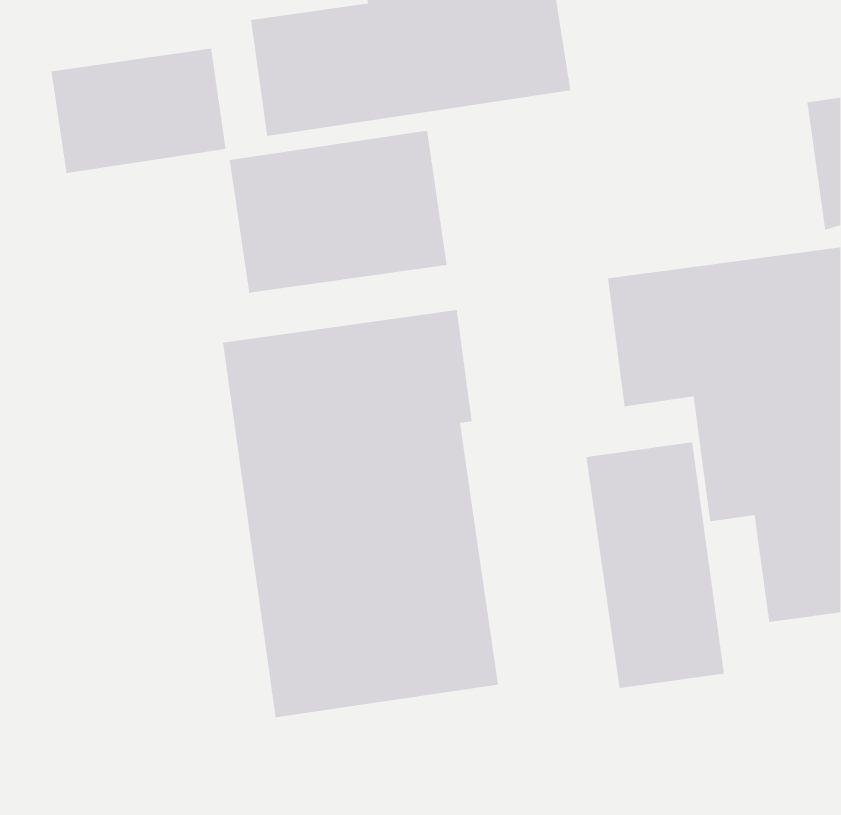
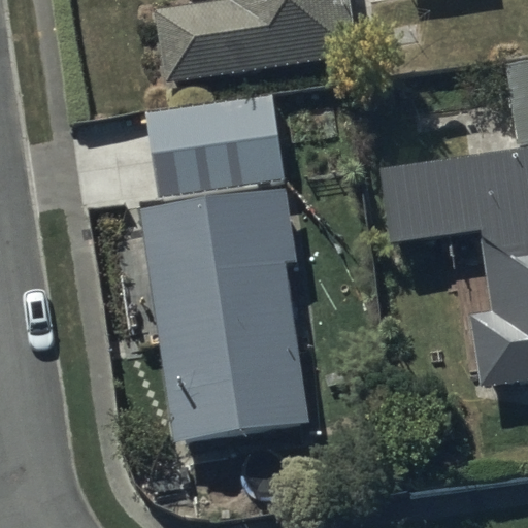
building: [51,48,226,174] -> none
building: [586,441,725,689] -> none

